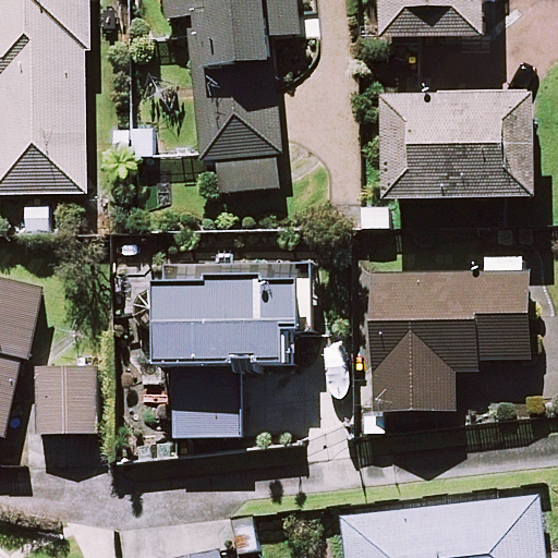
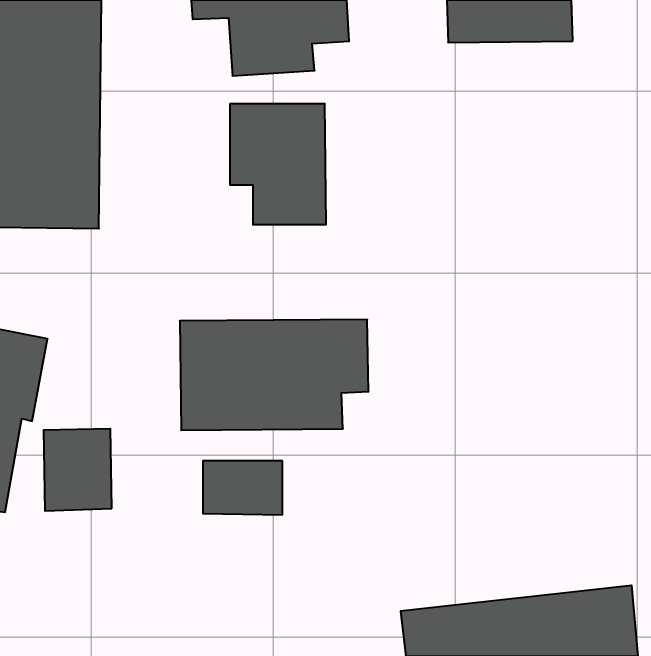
building: [381,92,533,197] -> none
building: [372,274,526,410] -> none

